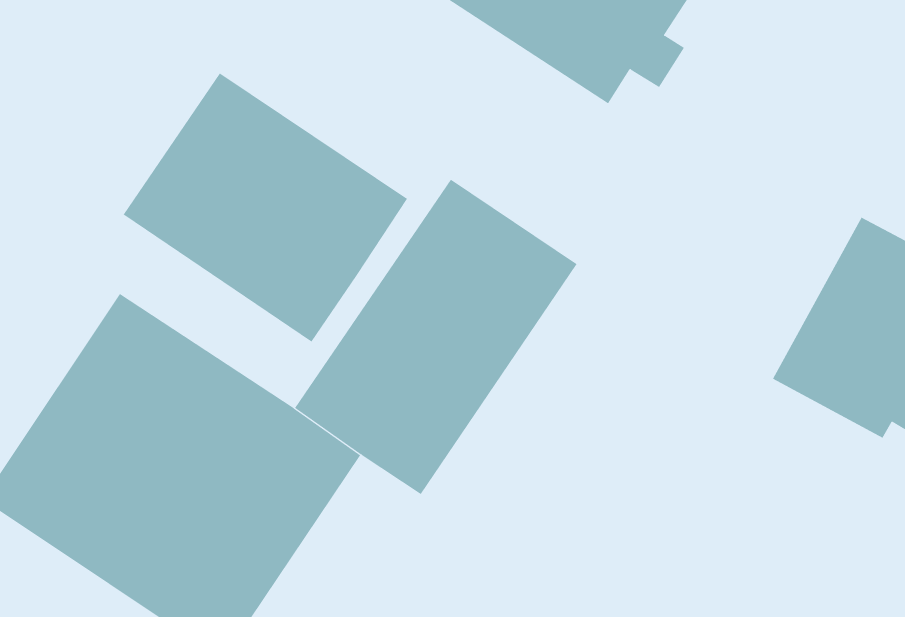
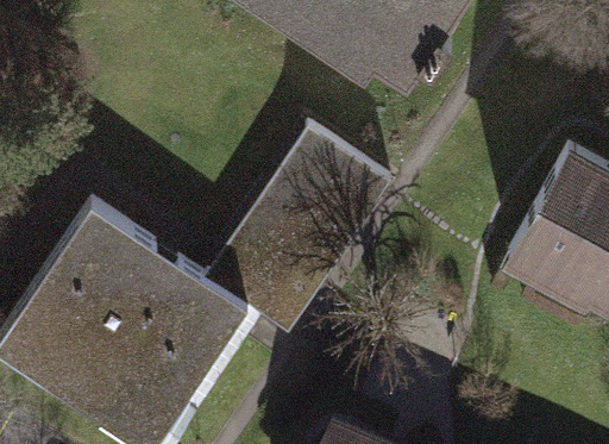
building: [123,73,408,342] -> none

